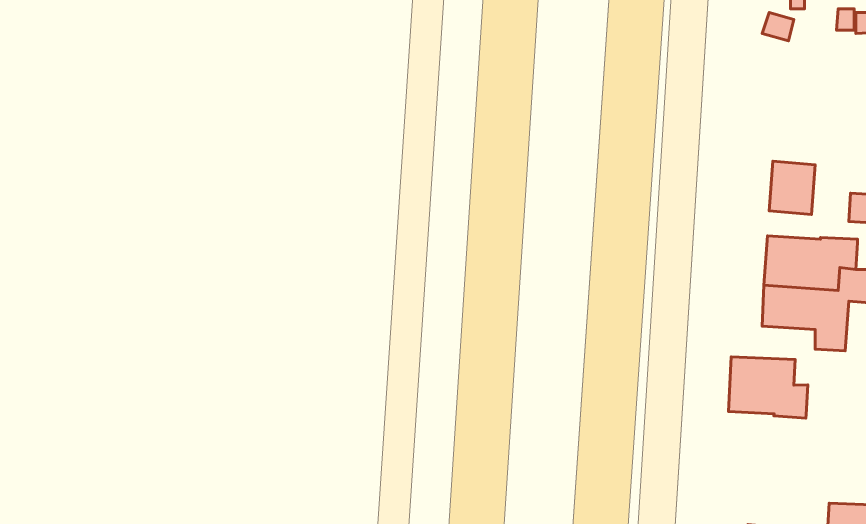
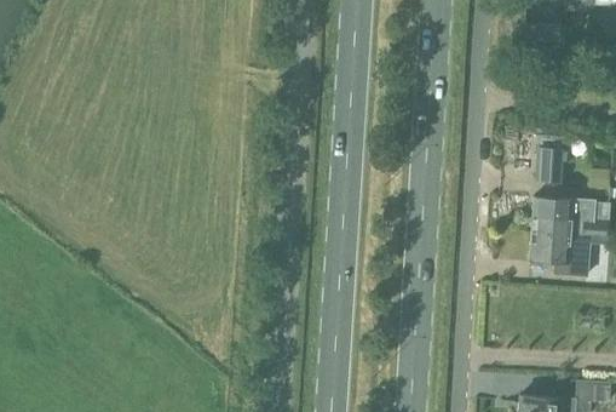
building: [729,357,808,418] -> none

